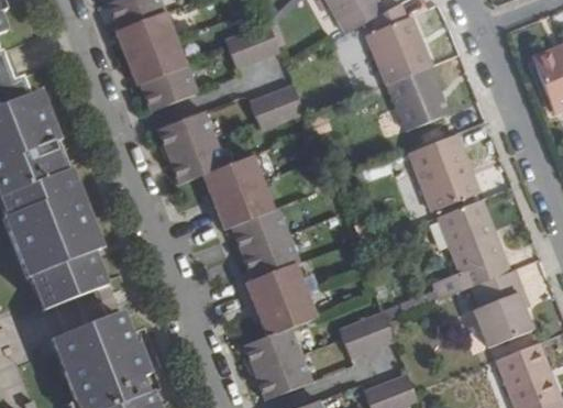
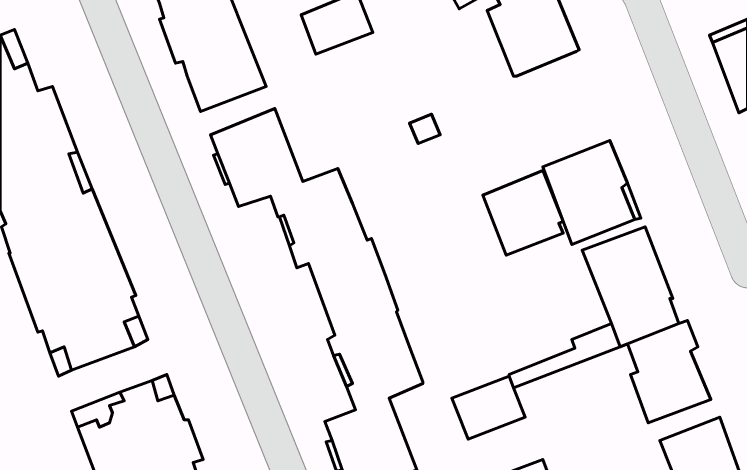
building: [388,67,449,131] -> [483,170,563,255]
building: [250,84,306,131] -> none

